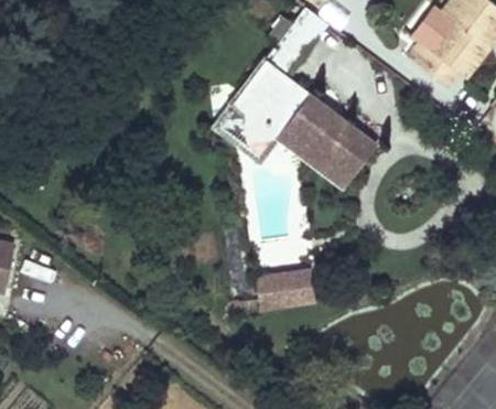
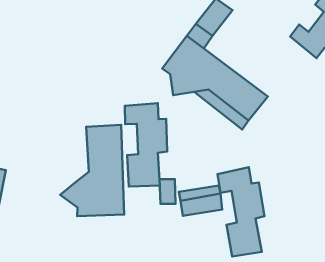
building: none -> [125,103,167,186]
building: none -> [60,125,124,216]
building: none -> [217,167,264,257]

